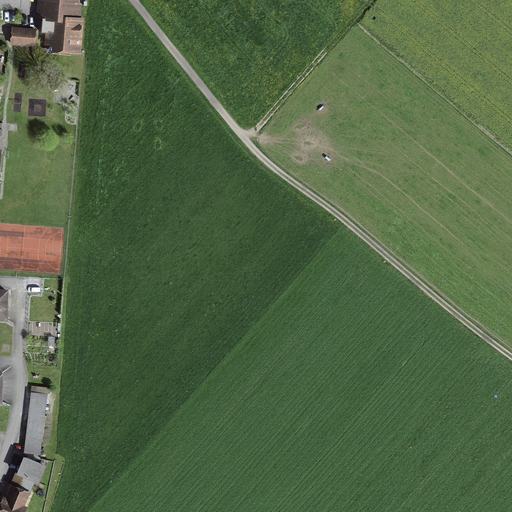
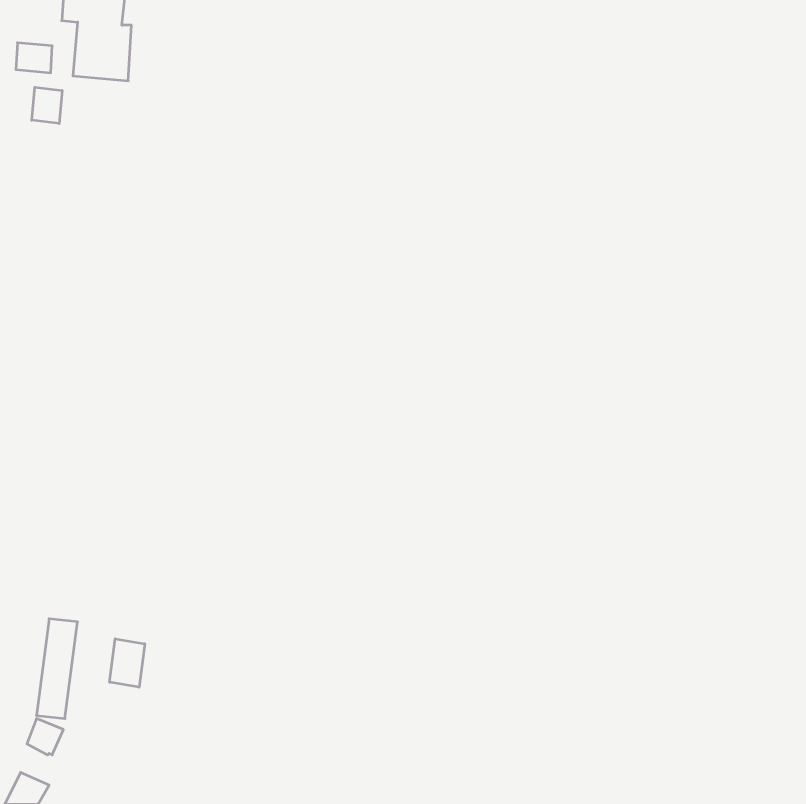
building: none -> [32,87,62,124]
building: none -> [110,639,145,687]

